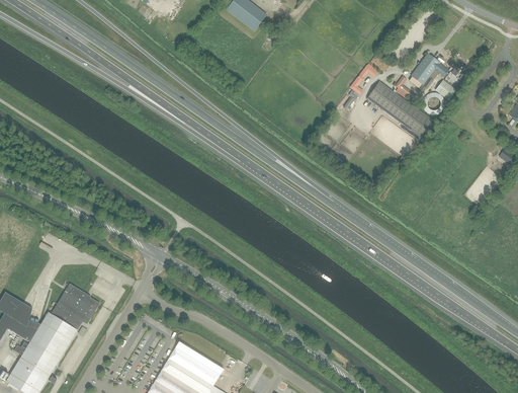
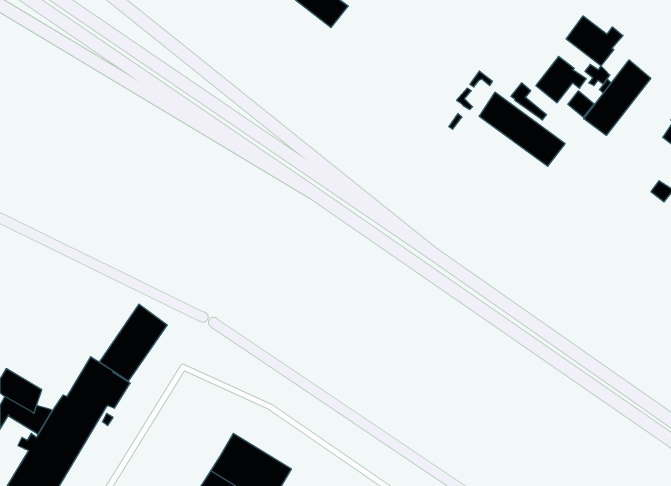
building: none -> [566,16,623,66]
building: none -> [584,60,651,135]
building: none -> [99,304,167,381]

